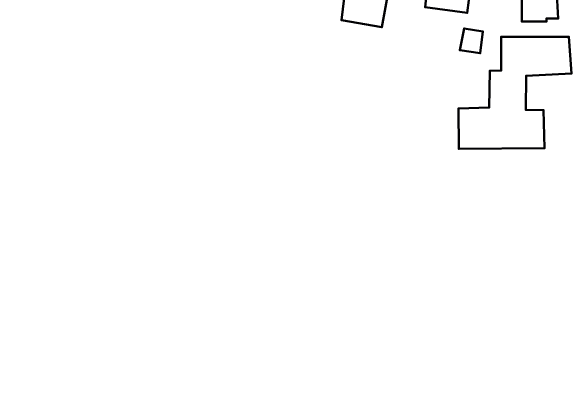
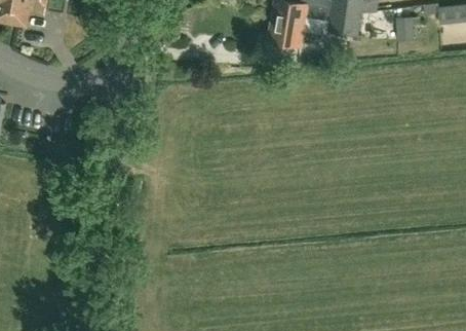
building: [458,37,572,149] -> none

